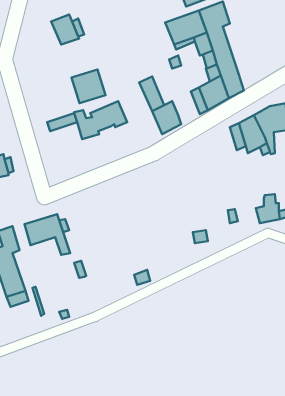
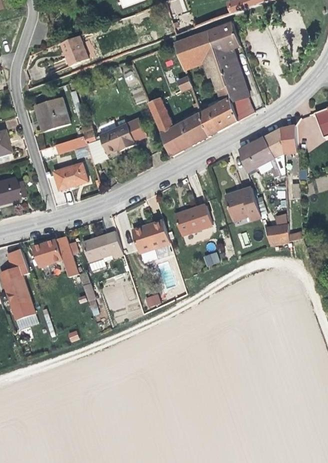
building: [71,69,105,103] -> [35,97,69,131]
building: none -> [181,113,209,146]
building: none -> [54,162,88,189]
building: none -> [224,187,261,221]
building: none -> [175,205,212,235]
building: none -> [132,220,170,252]
building: none -> [82,231,123,262]

